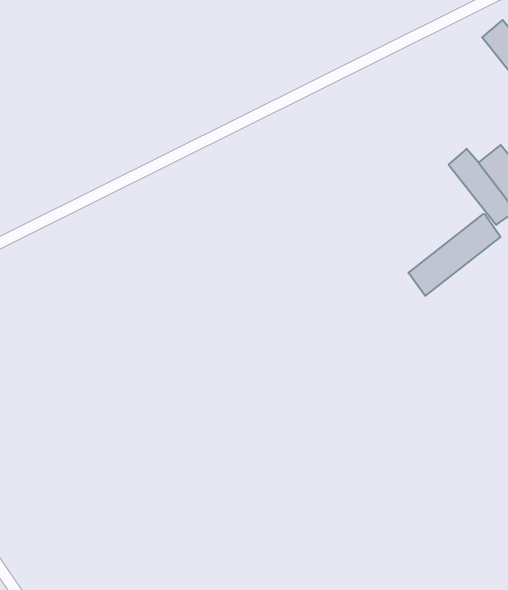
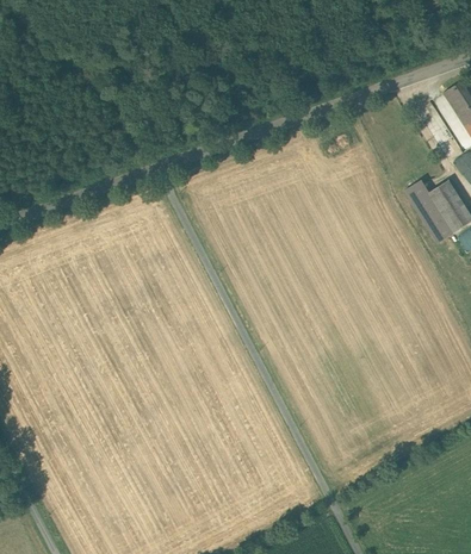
building: [408,214,501,296] -> none

